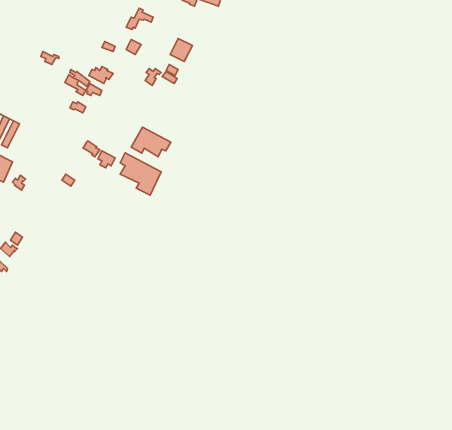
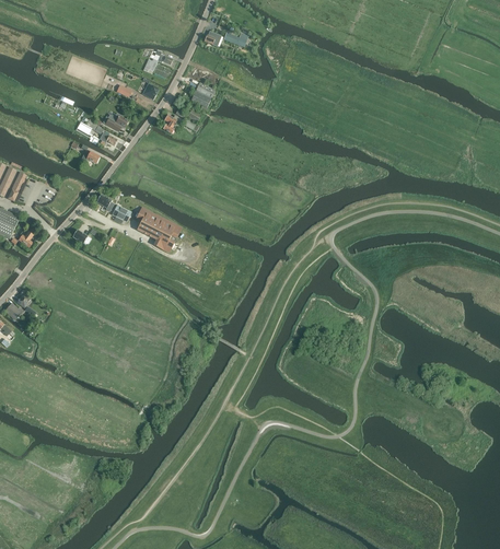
building: [131,127,171,157] -> none

